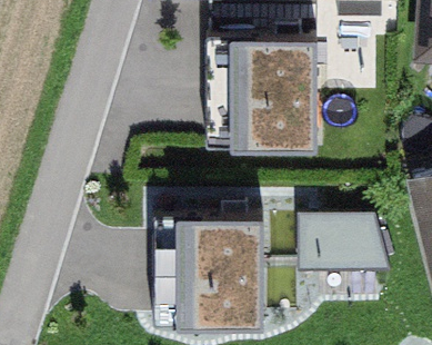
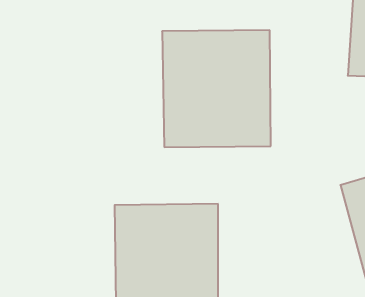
building: [311,214,392,269] -> none

